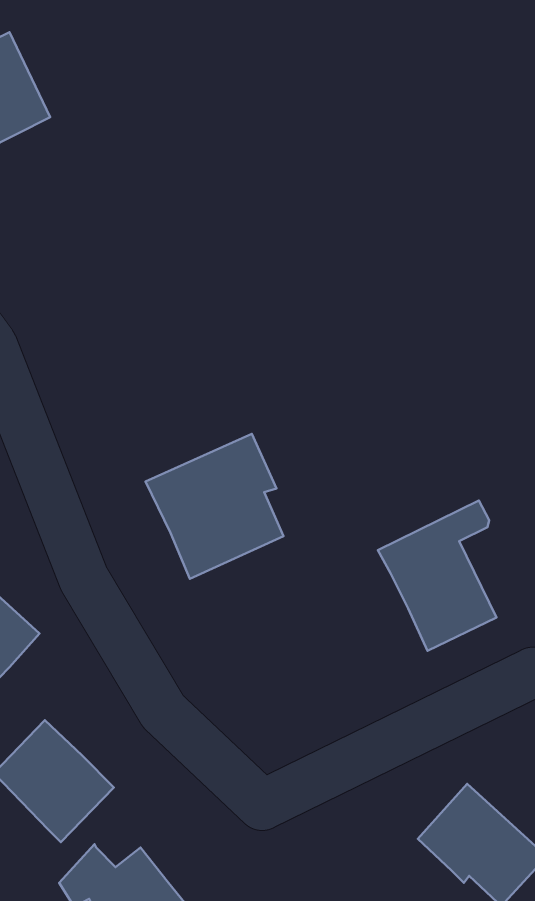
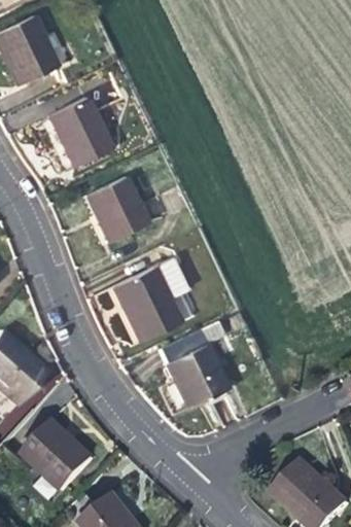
building: none -> [48,100,111,170]
building: none -> [85,179,145,243]
building: [378,501,496,651] -> [157,318,226,406]

